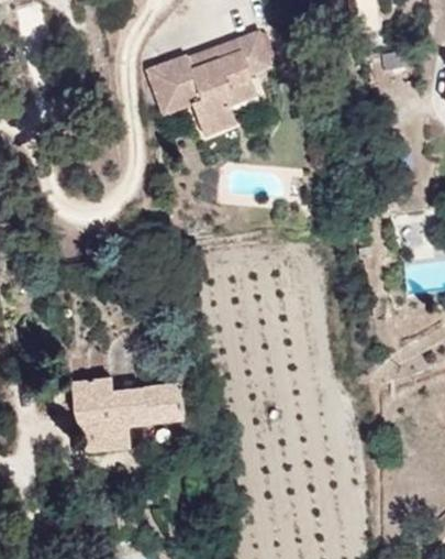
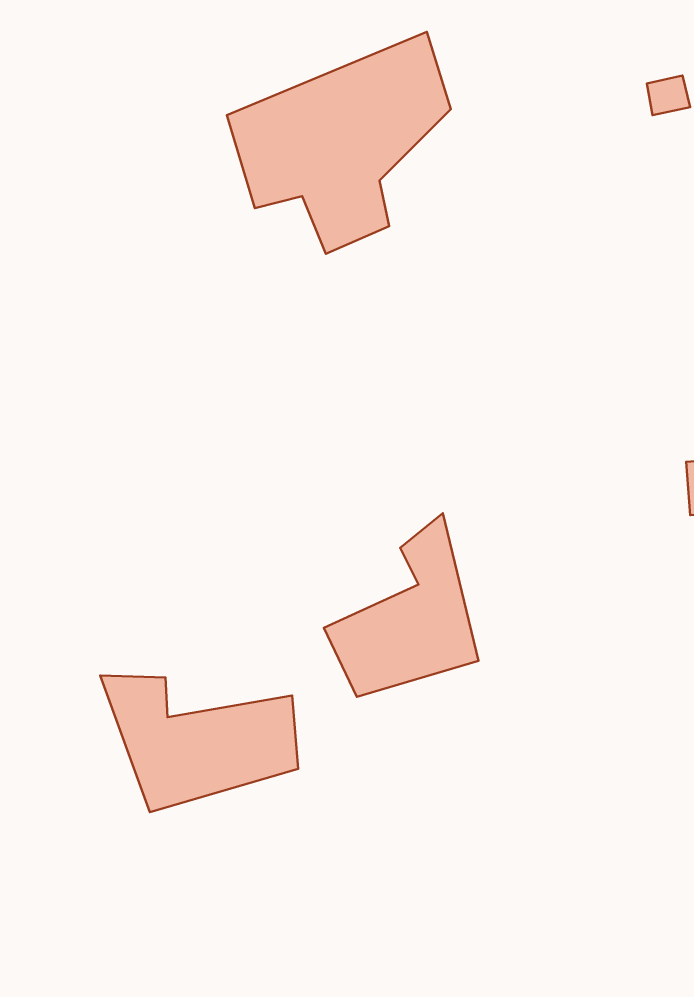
building: none -> [324,513,479,697]

